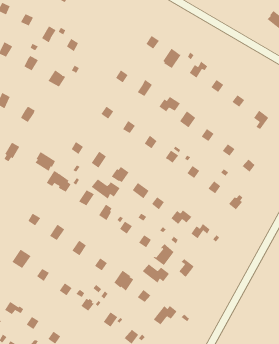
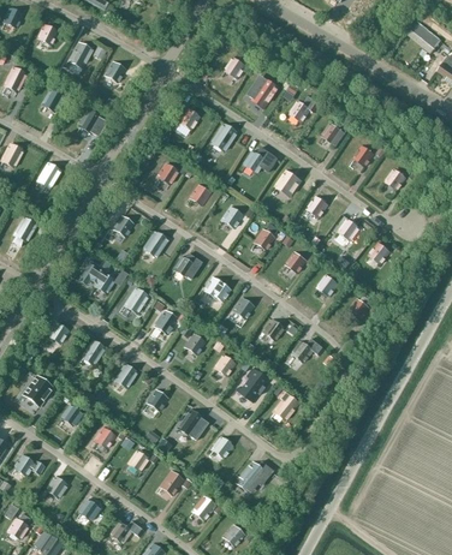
building: [35,151,56,172] -> none
building: [91,179,120,199] -> none
building: [142,264,170,283] -> none

